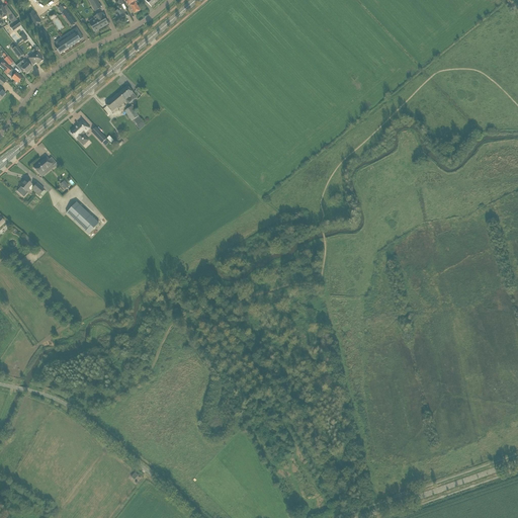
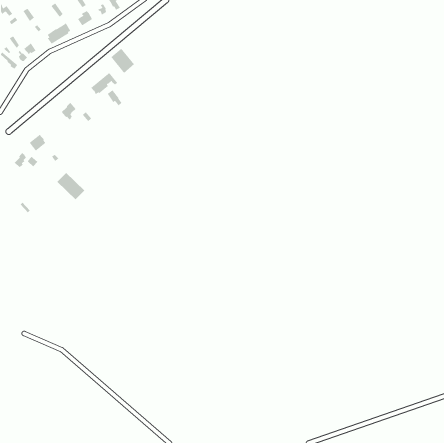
building: none -> [111,48,135,74]

